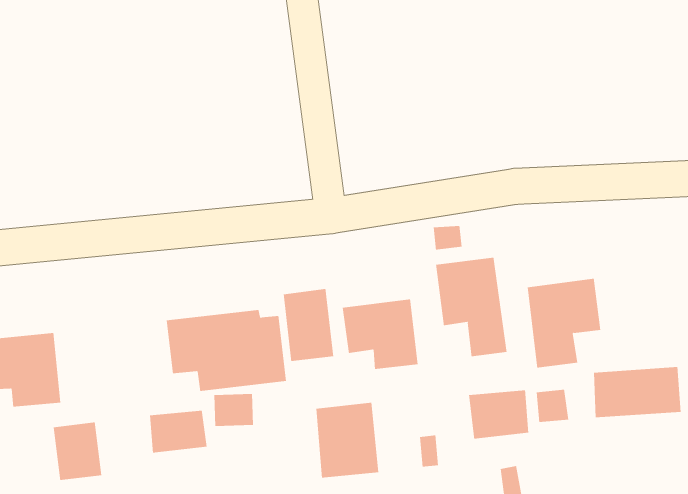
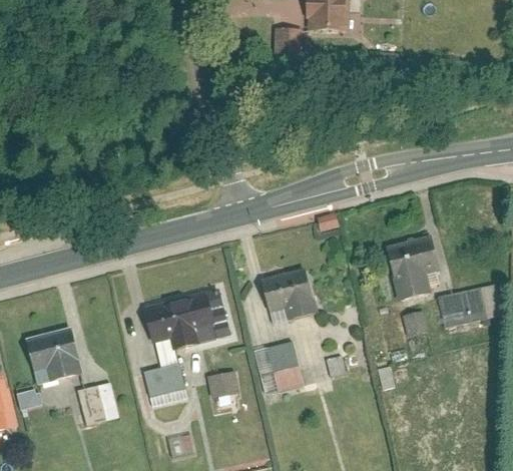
building: [435,257,507,357] -> none
building: [283,288,334,362] -> none
building: [468,389,529,439] -> none
building: [214,393,254,426] -> [208,372,238,398]

